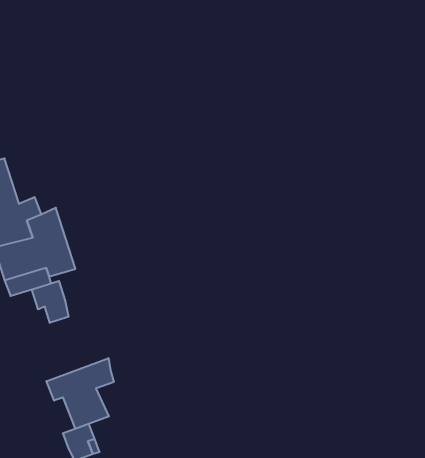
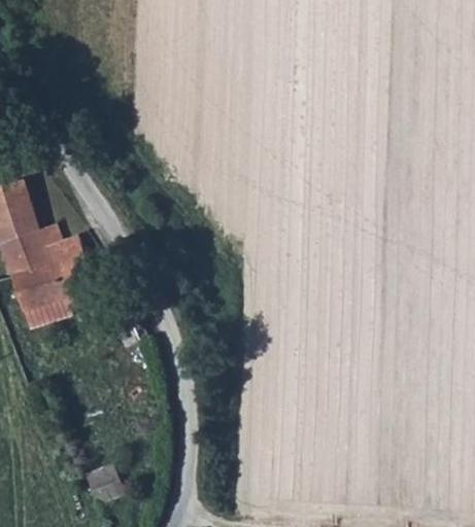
building: [32,281,69,323] -> none
building: [46,358,114,429] -> none

